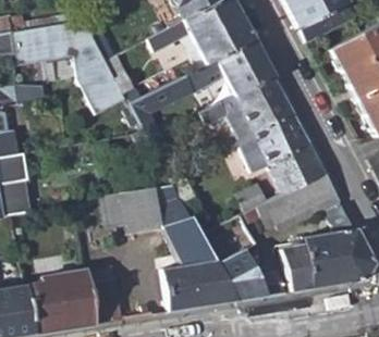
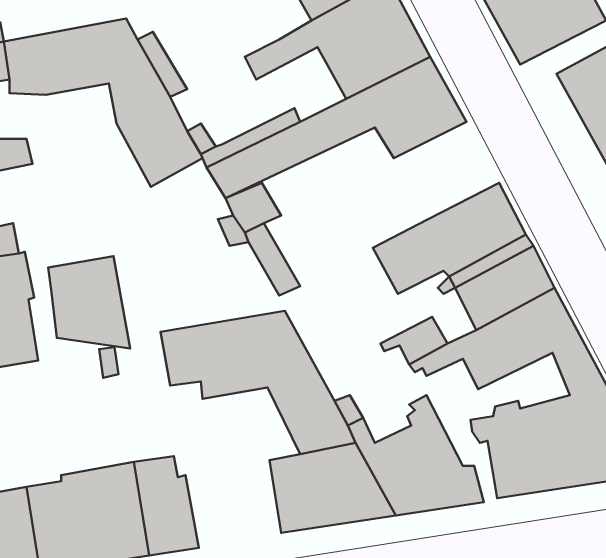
building: [215,77,293,133] -> none
building: none -> [48,256,130,348]

